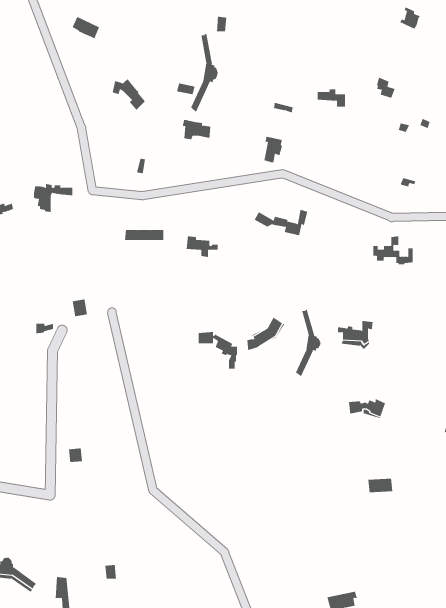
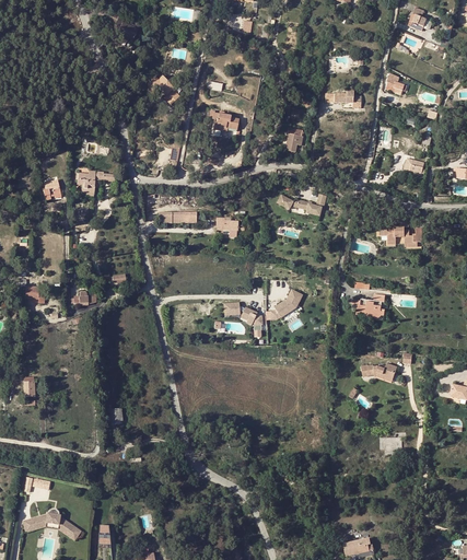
building: [191,32,218,113] -> none
building: [295,308,321,377] -> none

